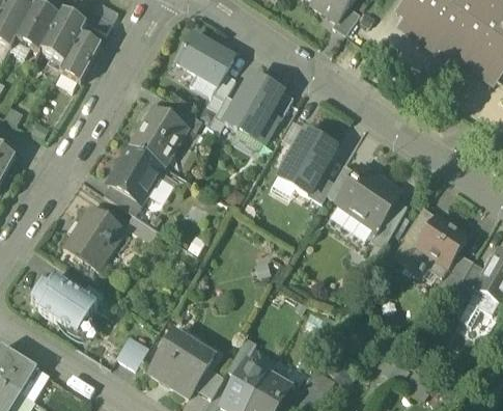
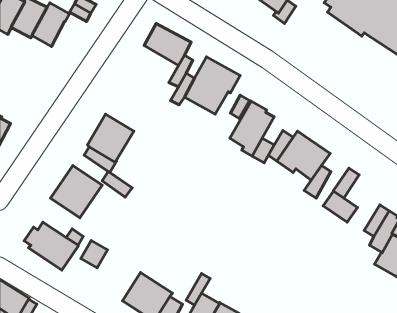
building: [59,31,101,81] -> none
building: [130,103,187,164] -> none
building: [418,216,468,266] -> none
building: [116,334,148,367] -> [81,240,107,268]

